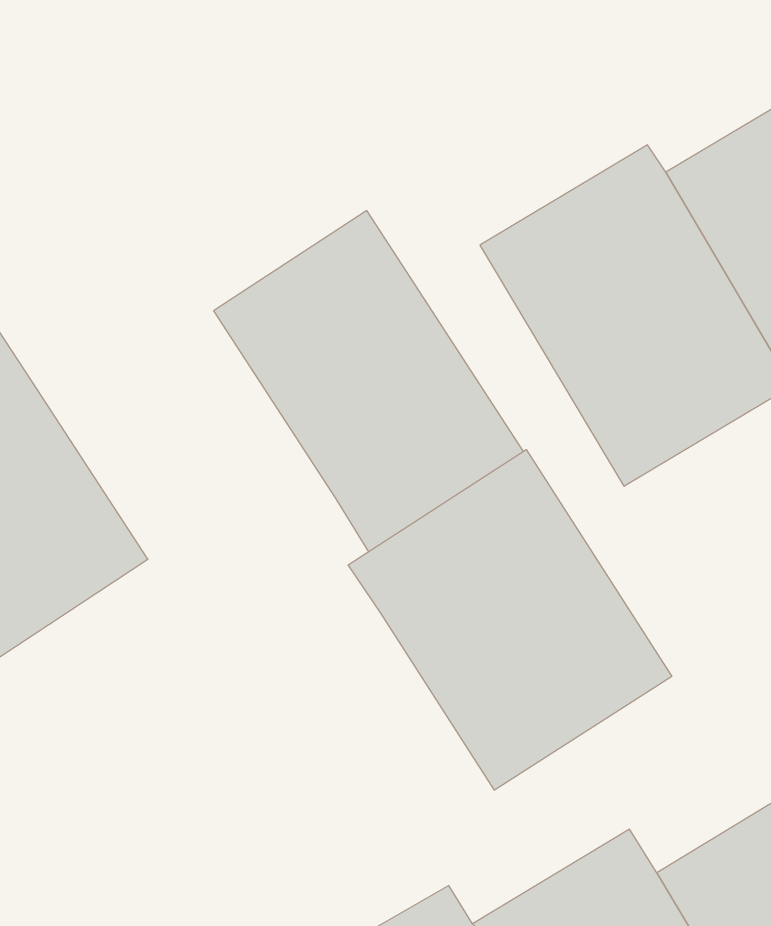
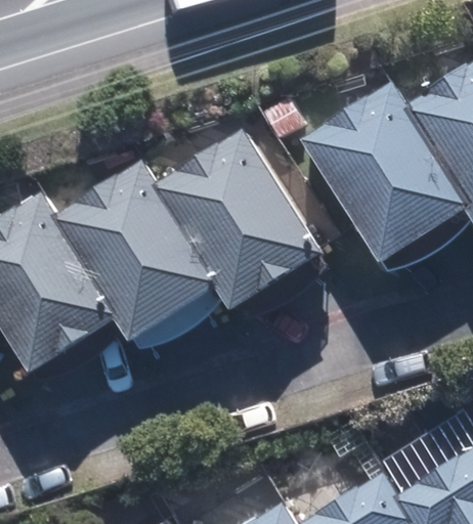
building: none -> [50,158,221,341]
building: [348,450,672,790] -> none

